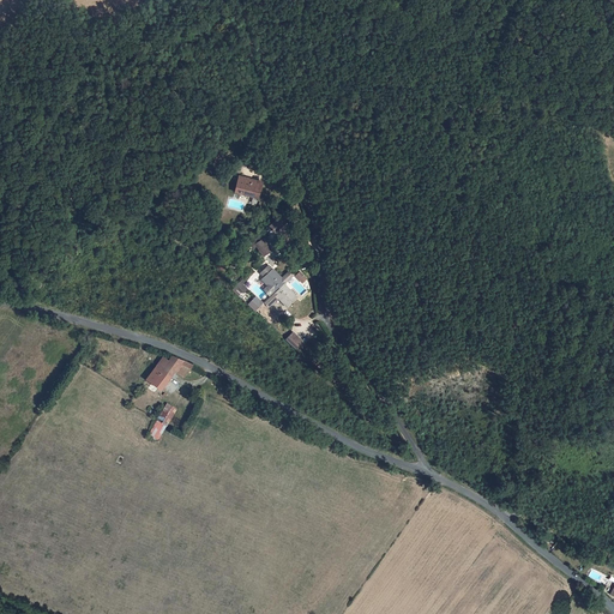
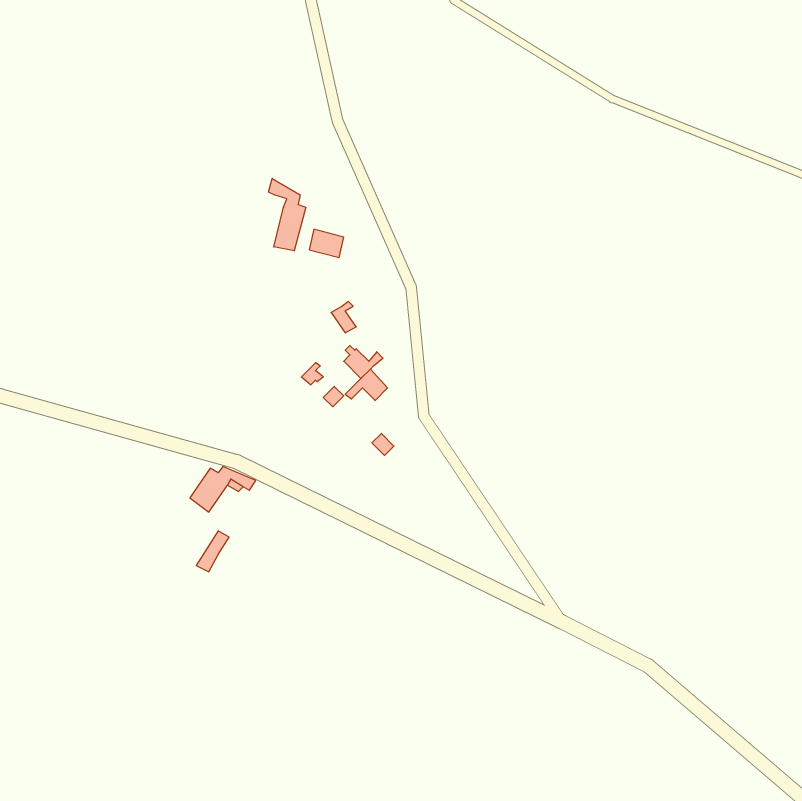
building: none -> [269,178,306,251]

